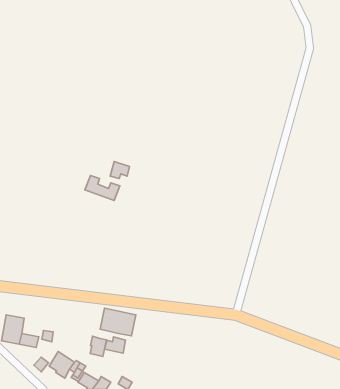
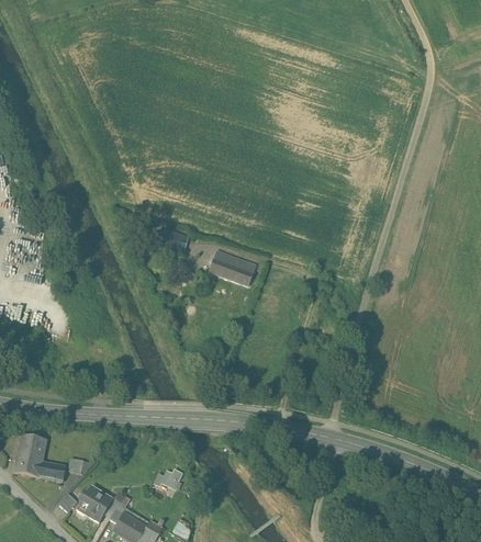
building: [85,175,120,201] -> [209,250,256,284]
building: [100,308,136,336] -> none
building: [90,336,106,356] -> none

